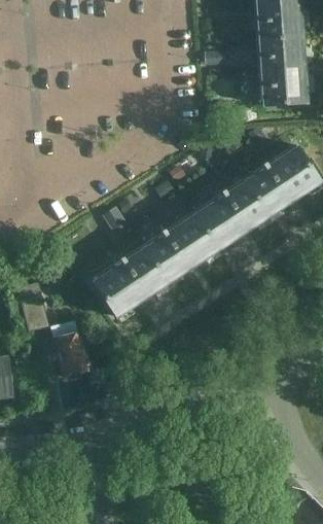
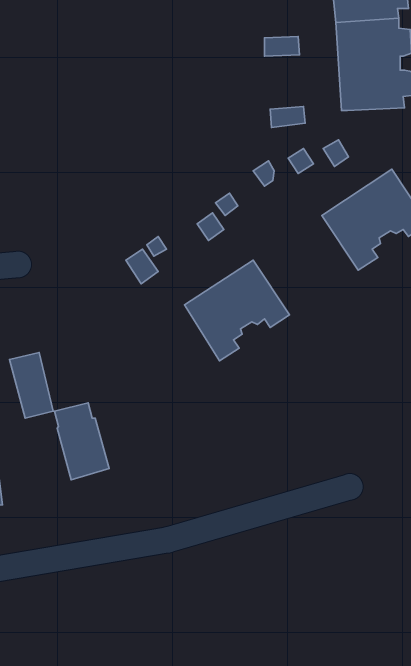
building: [195,182,273,255] -> none
building: [95,248,171,322] -> none

